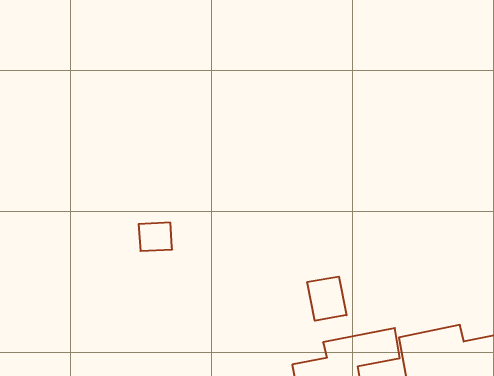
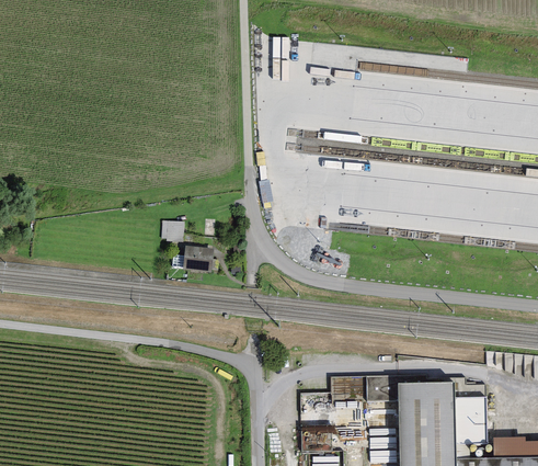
building: none -> [160,220,183,242]
building: [307,277,347,321] -> none

